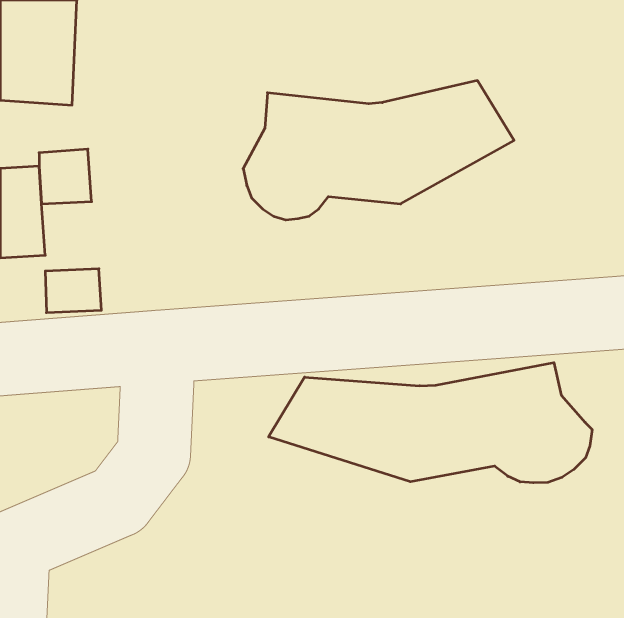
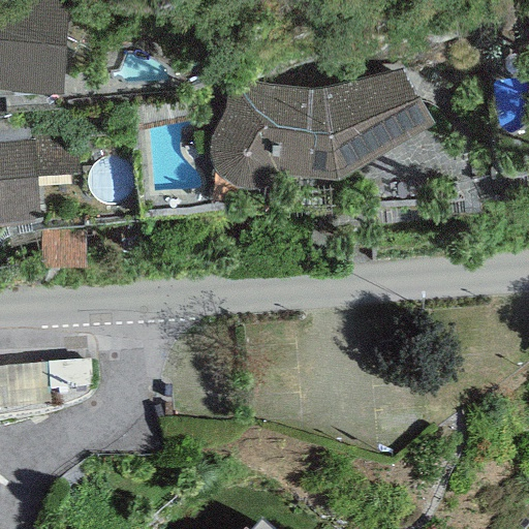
building: [269,363,592,483] -> none

